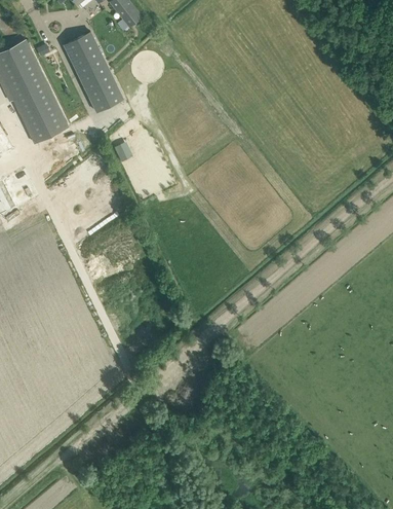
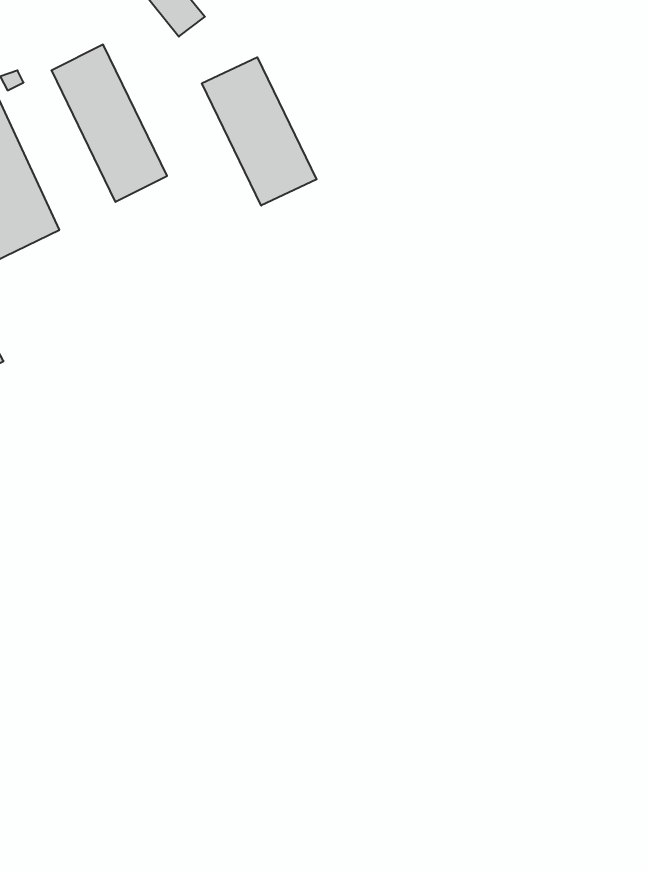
building: none -> [202,57,317,206]

